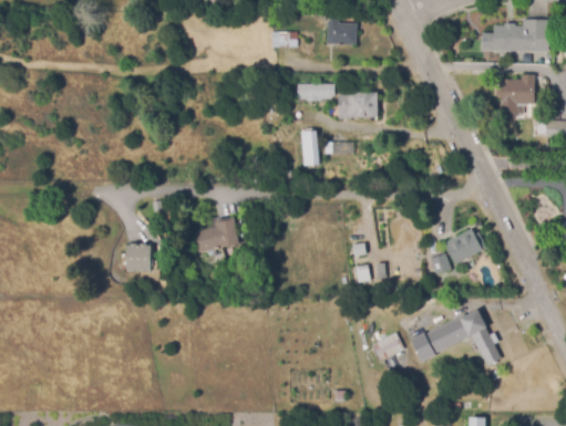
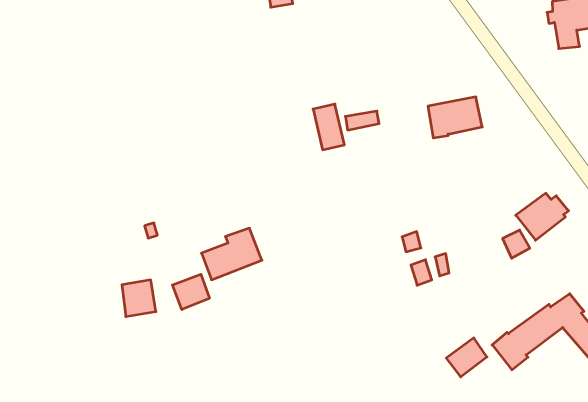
building: [298,84,333,101] -> none
building: [338,92,378,118] -> [428,97,482,138]
building: none -> [172,274,209,310]

